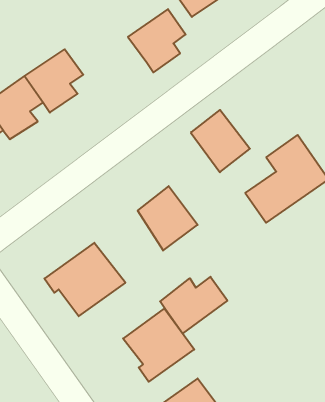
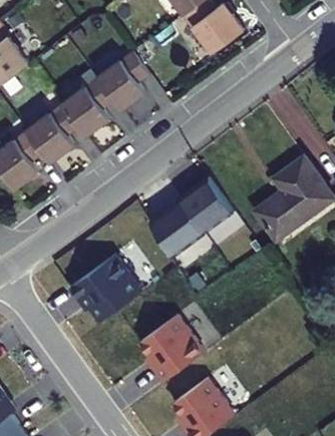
building: [128,9,186,72] -> [91,57,143,114]
building: [191,110,250,172] -> [186,184,239,241]
building: [160,277,227,333] -> none

